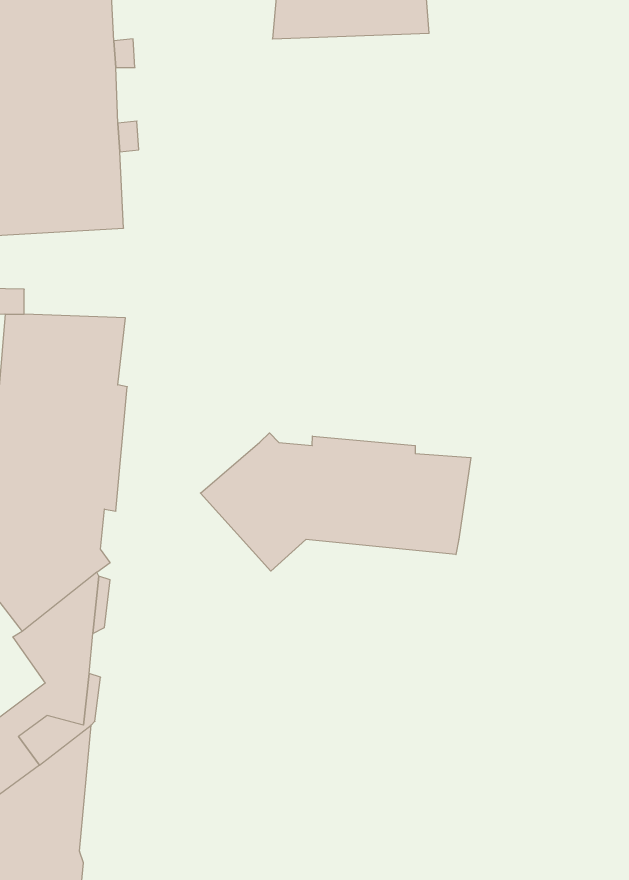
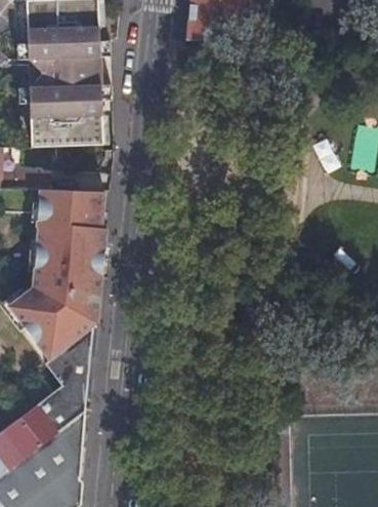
building: [200,433,471,571] -> none

